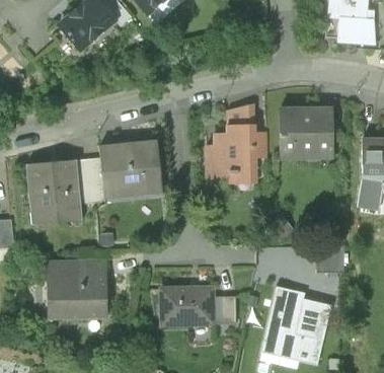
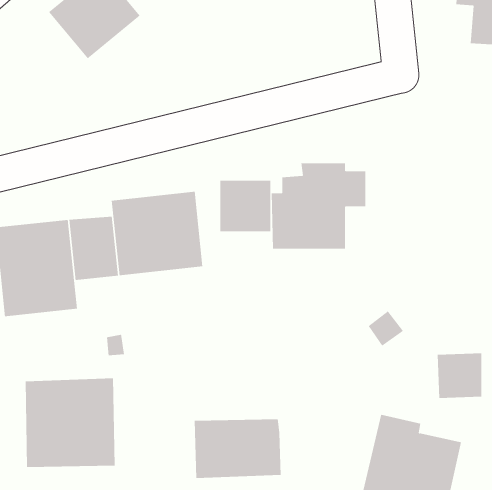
building: [284,109,330,155] -> none
building: none -> [220,180,271,232]
building: [212,297,236,325] -> none

